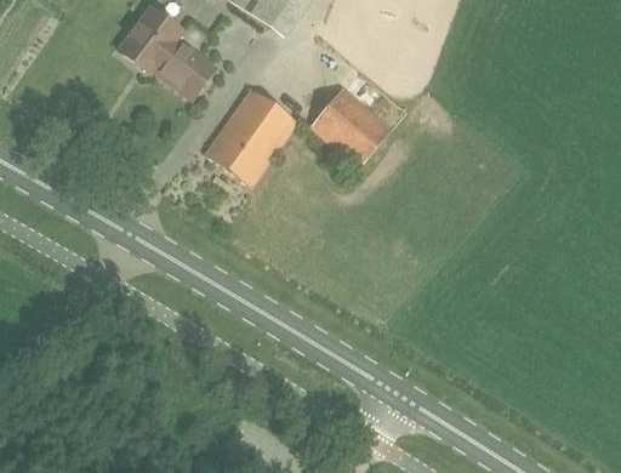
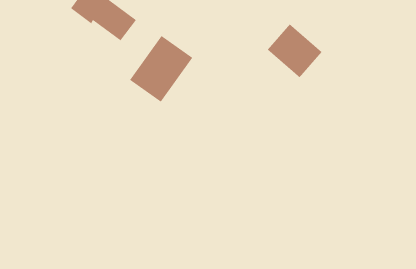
building: [310,87,391,166] -> [267,23,322,78]

